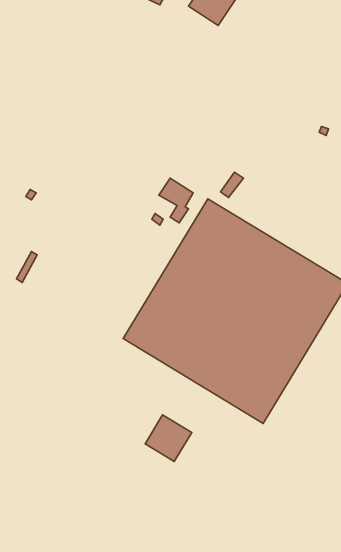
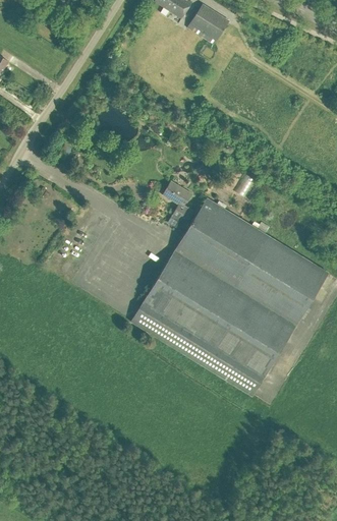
building: [145,415,192,461] -> none

